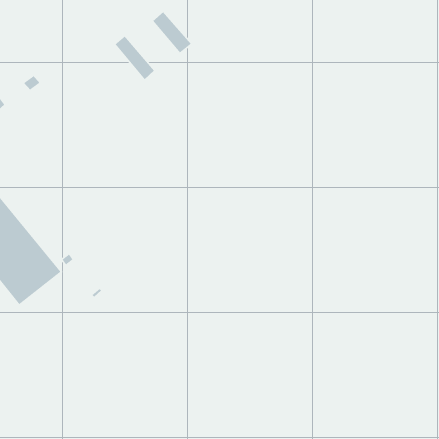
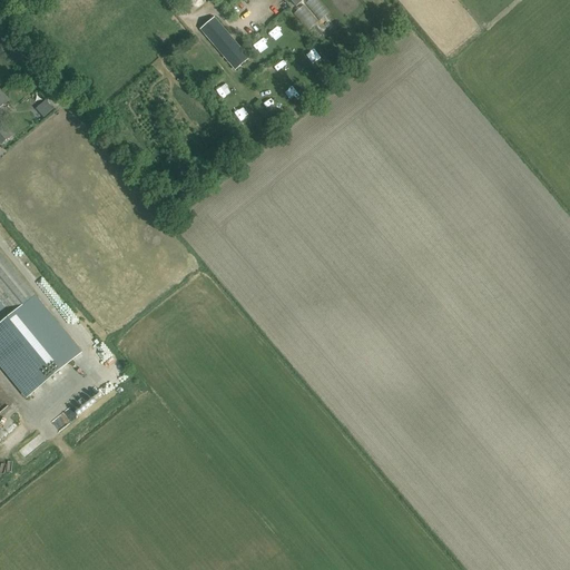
building: [114,35,155,80] -> none

